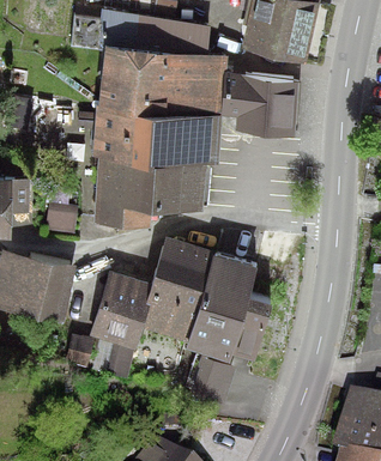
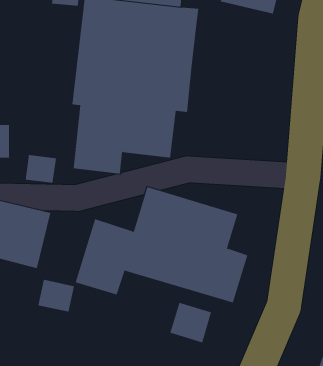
building: [218,68,296,133] -> none

